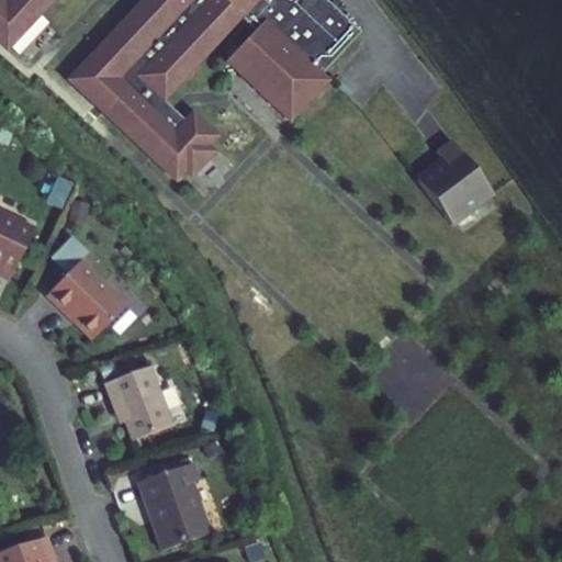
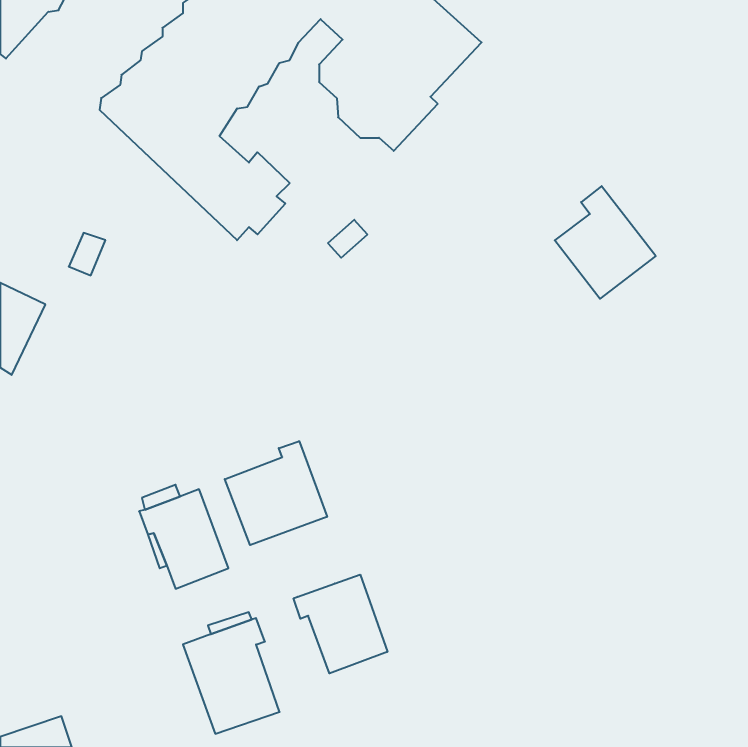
building: [47,238,125,339] -> none
building: none -> [225,441,327,545]
building: none -> [294,575,387,673]

